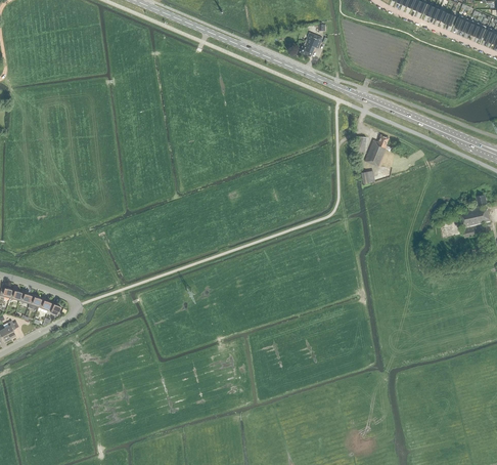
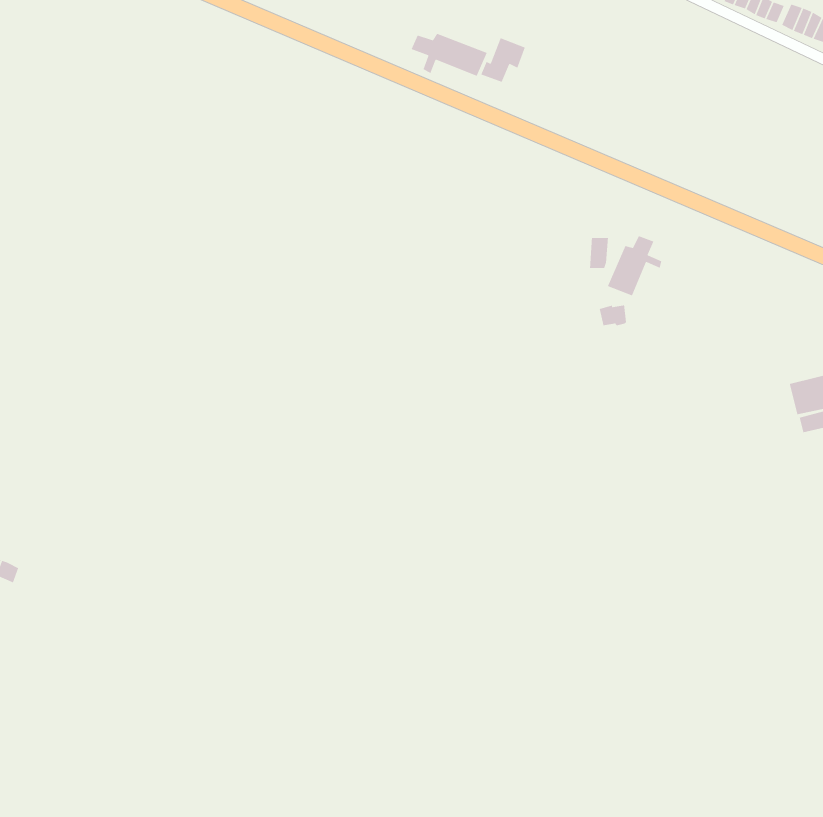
building: none -> [411,33,488,77]

